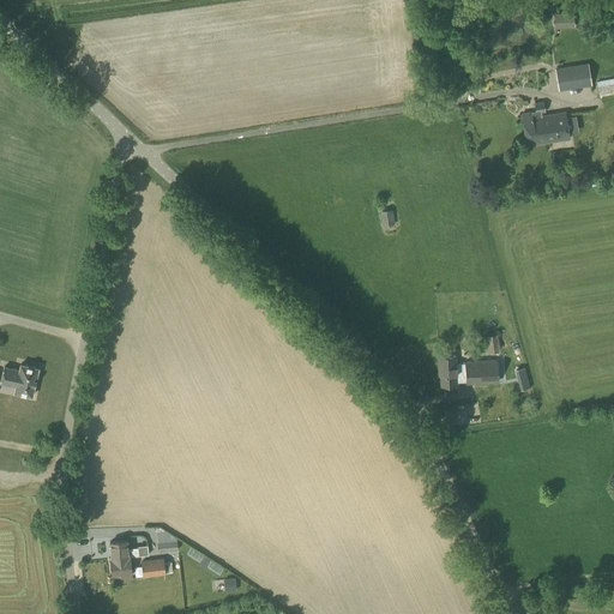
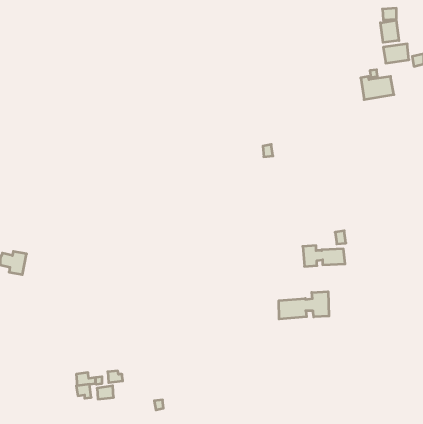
building: none -> [380,20,399,42]
building: none -> [279,292,329,319]

